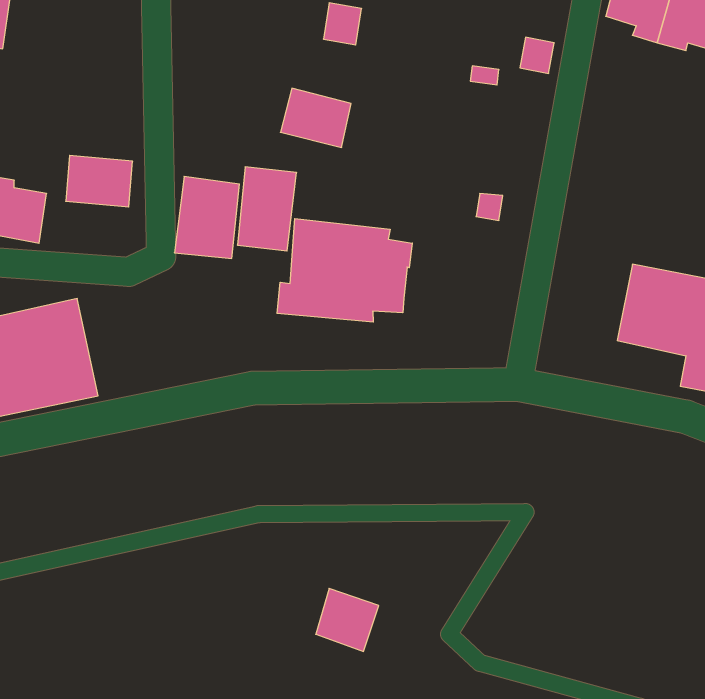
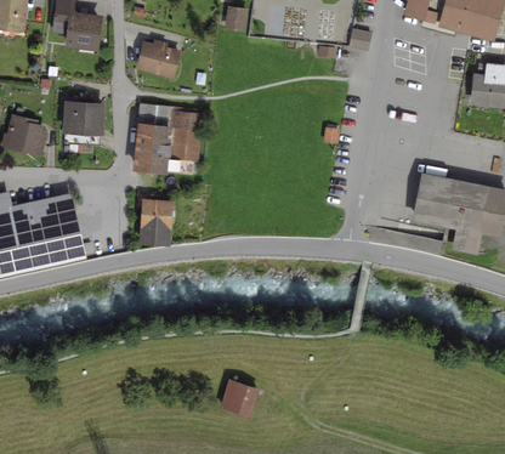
building: none -> [61,12,100,51]
building: [280,88,351,147] -> [136,40,181,78]
building: [277,219,412,322] -> none
building: none -> [138,202,172,242]

